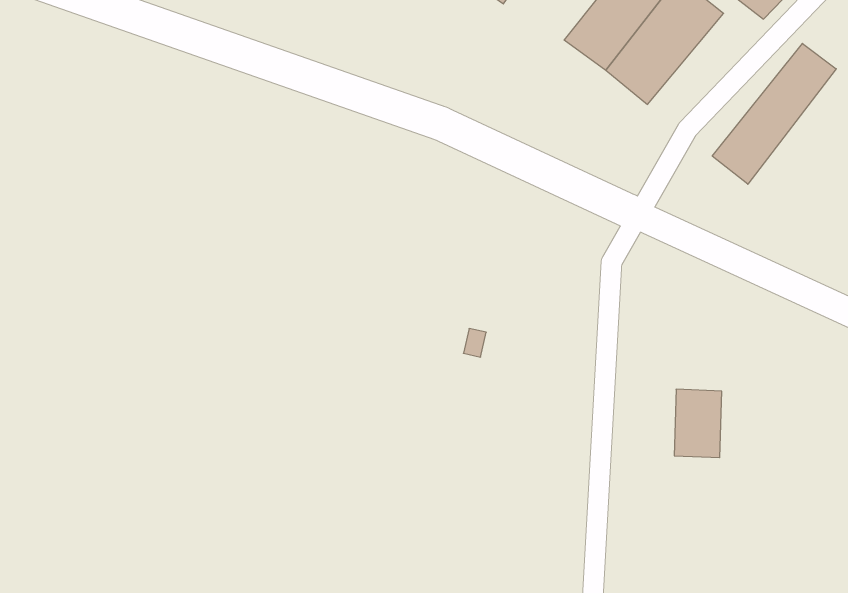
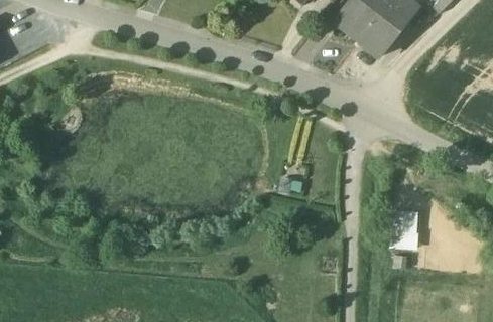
building: [712,43,836,184] -> none

